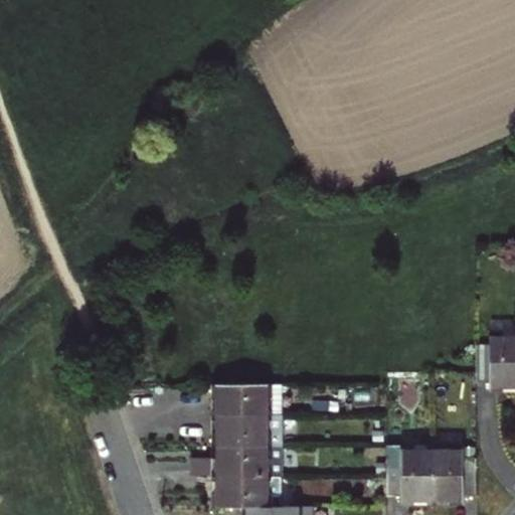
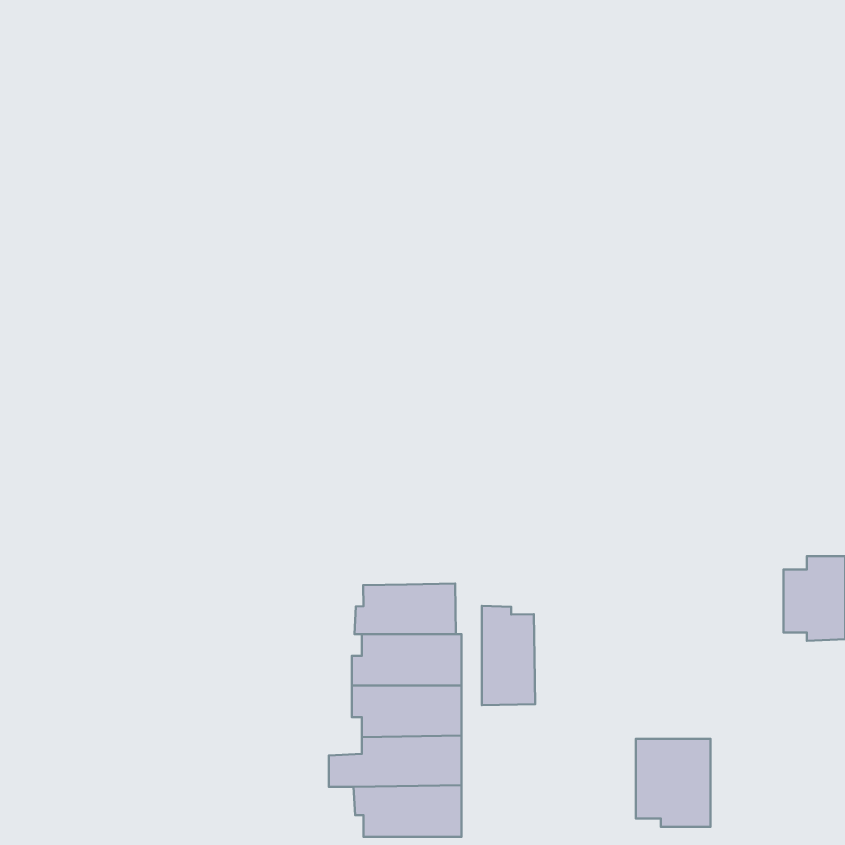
building: none -> [355,584,456,634]
building: none -> [482,606,535,705]
building: [431,450,475,503] -> none

